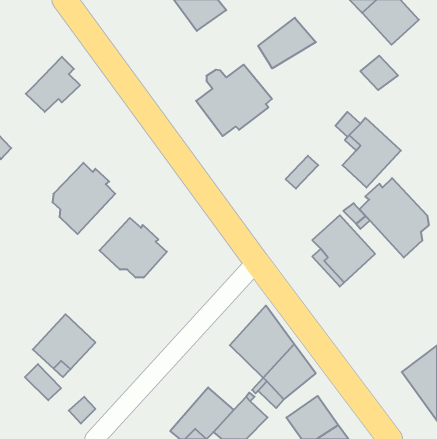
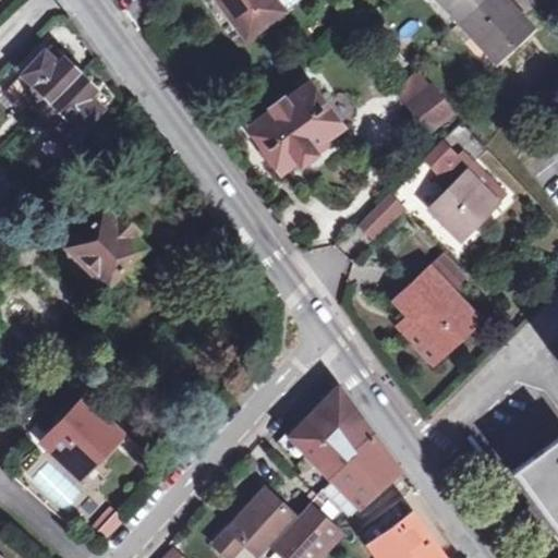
building: [258,18,316,68] -> none
building: none -> [20,49,78,110]
building: [360,56,398,90] -> [405,87,453,131]
building: [360,178,429,258] -> none
building: [99,218,167,278] -> none

